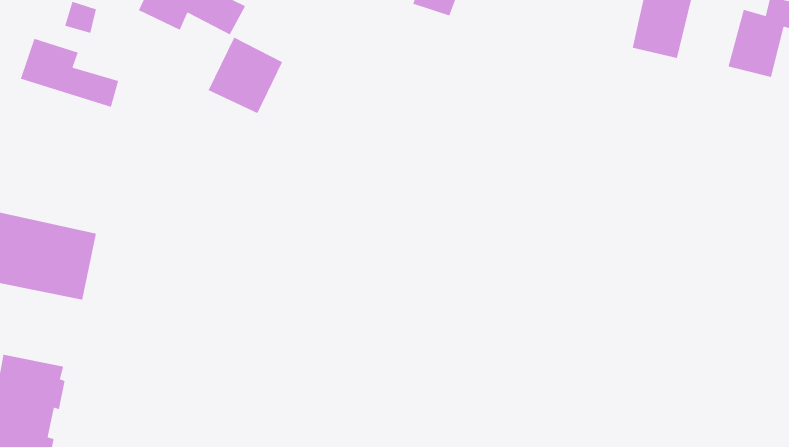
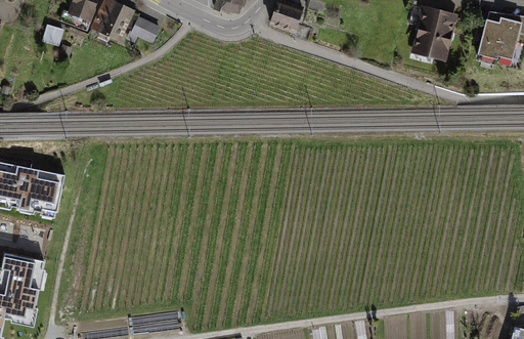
building: [207,37,283,114] -> none
building: [20,38,119,108] -> none

